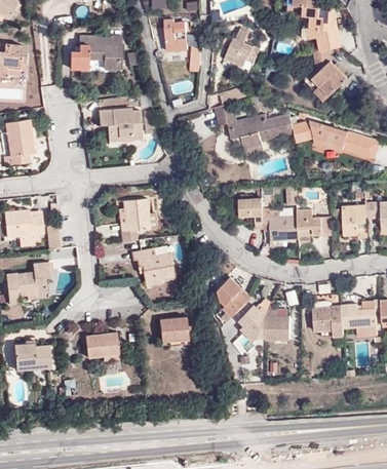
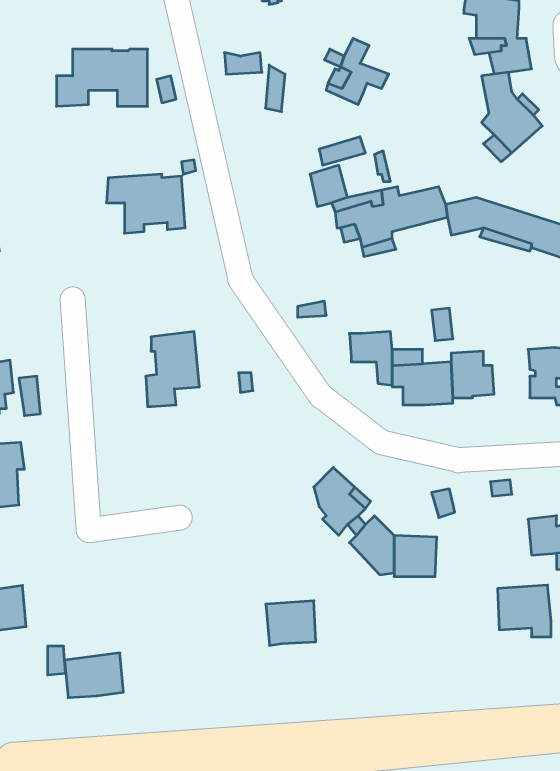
building: [163,21,186,41] -> none
building: [130,249,176,283] -> none
building: [311,307,342,337] -> [498,585,551,637]
building: [159,317,188,343] -> [266,601,316,645]
building: [84,333,118,358] -> [65,653,123,698]

